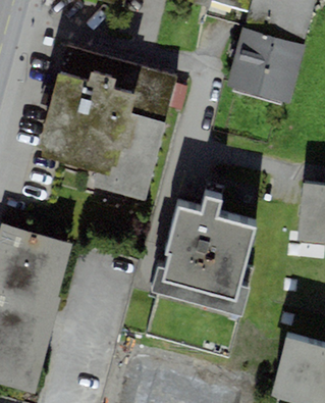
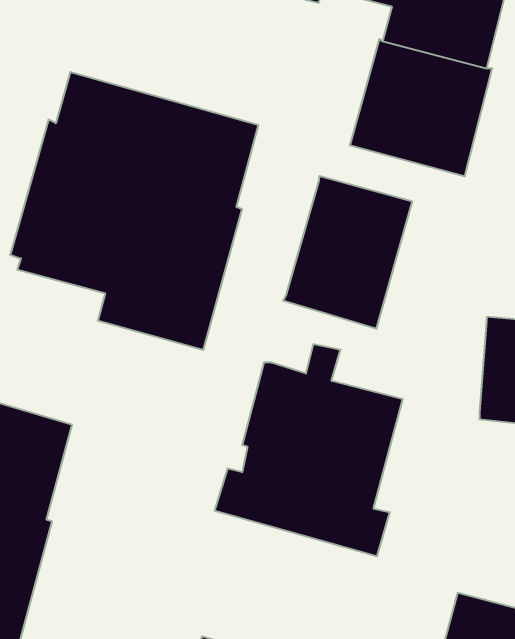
building: none -> [283,176,412,329]

